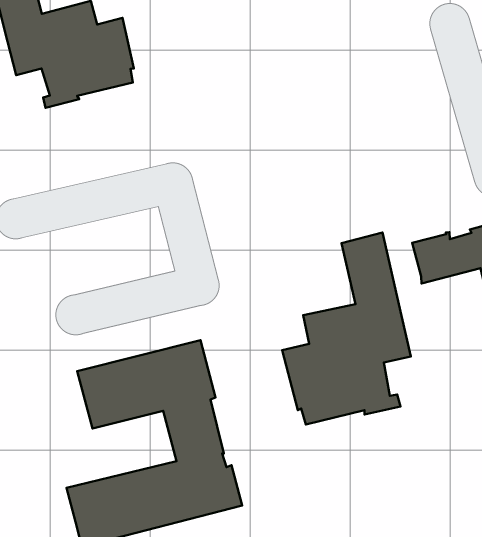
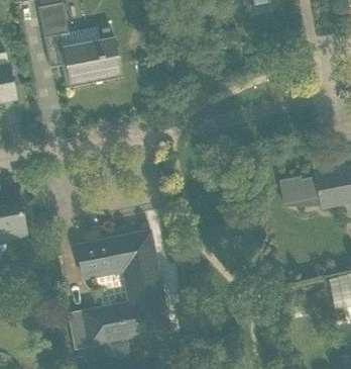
building: [282,233,411,424] -> none

